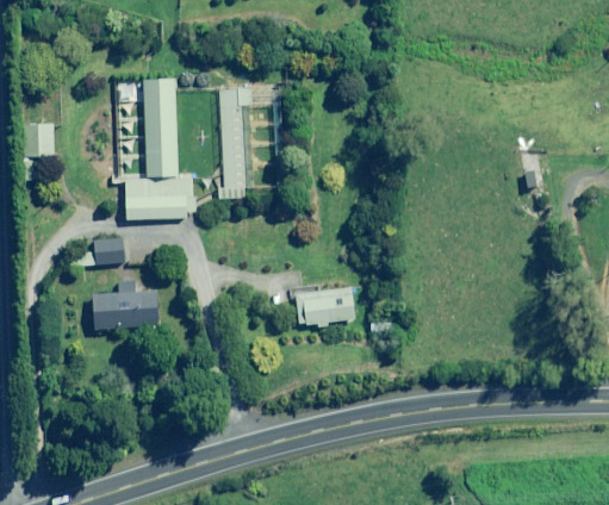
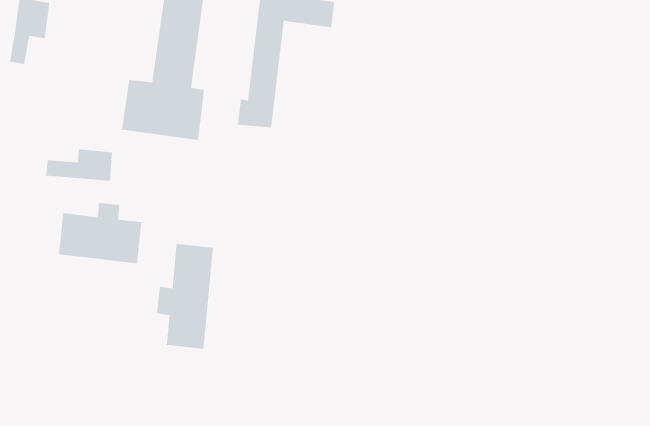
building: [297,288,353,325] -> none
building: none -> [156,243,214,349]

